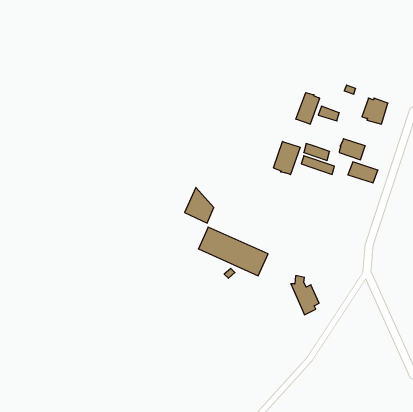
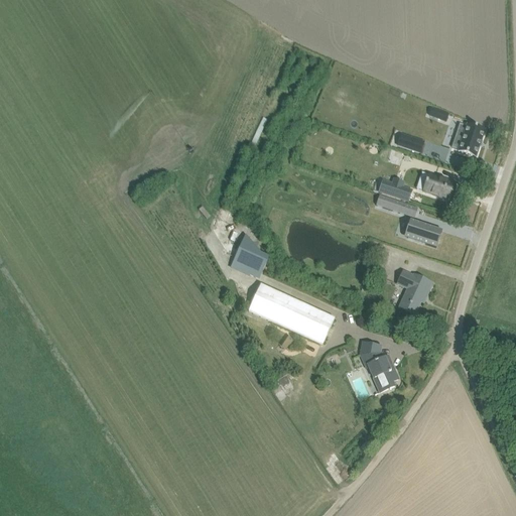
building: [296,93,320,124] -> none
building: [274,141,300,175] -> none
building: [348,162,378,183] -> [403,218,440,244]
building: none -> [396,269,431,312]

